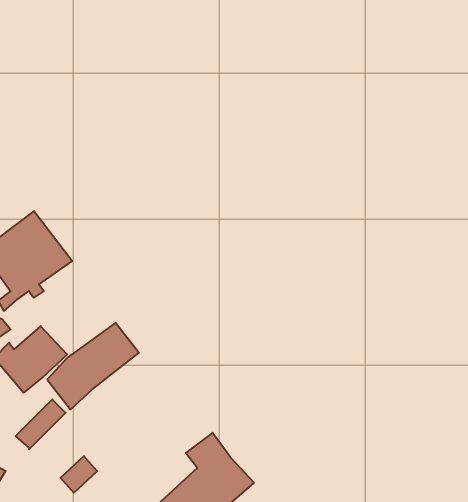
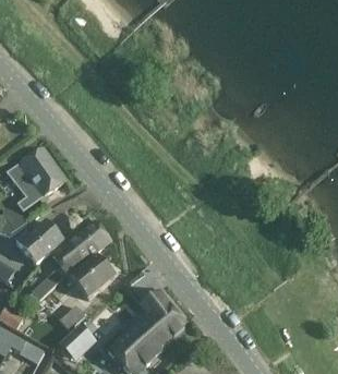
building: none -> [69,252,114,297]

